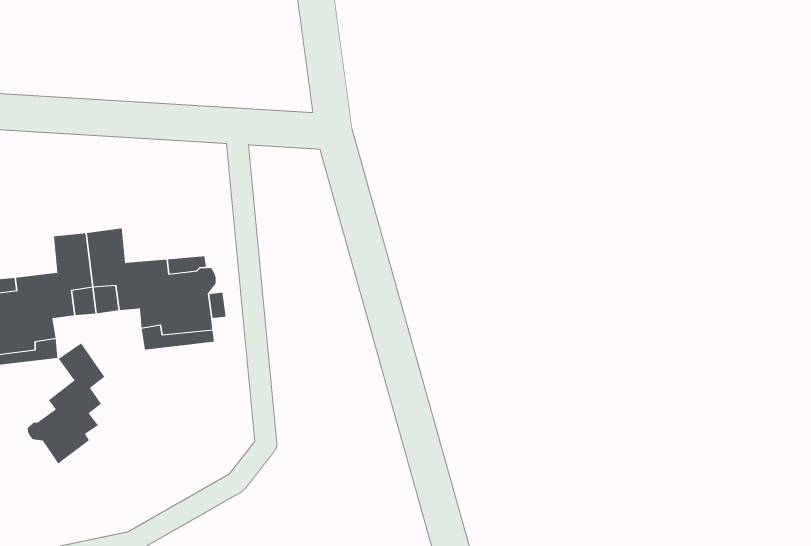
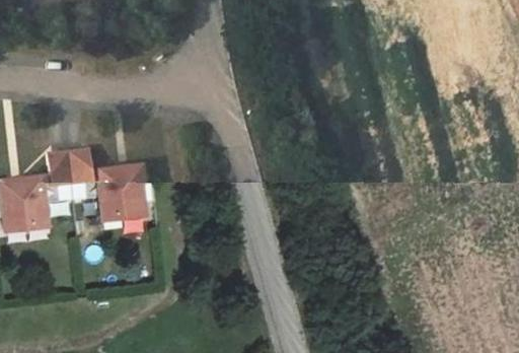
building: [27,342,105,464] -> none

